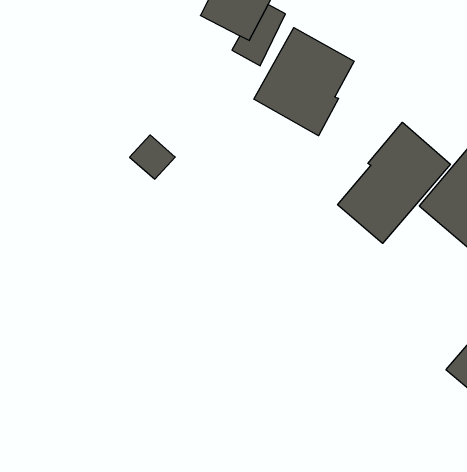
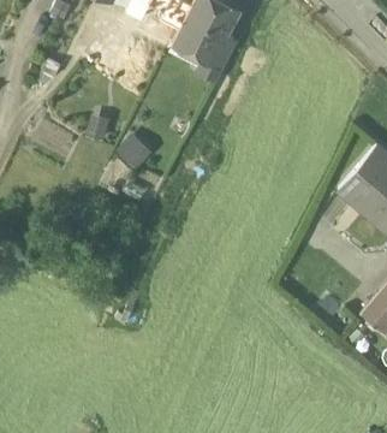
building: [254,28,354,136] -> none
building: [338,122,450,243] -> none

